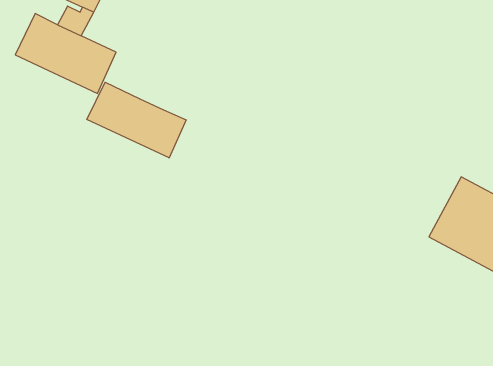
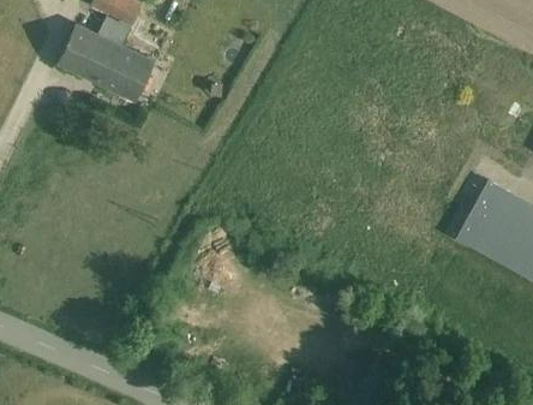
building: [87,82,186,158] -> none

